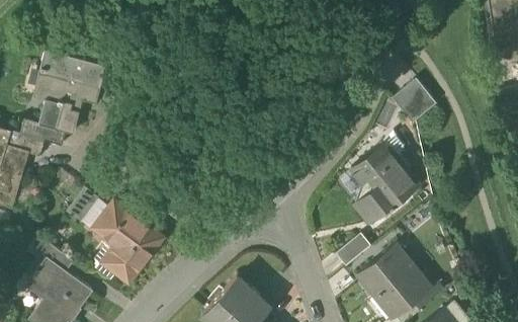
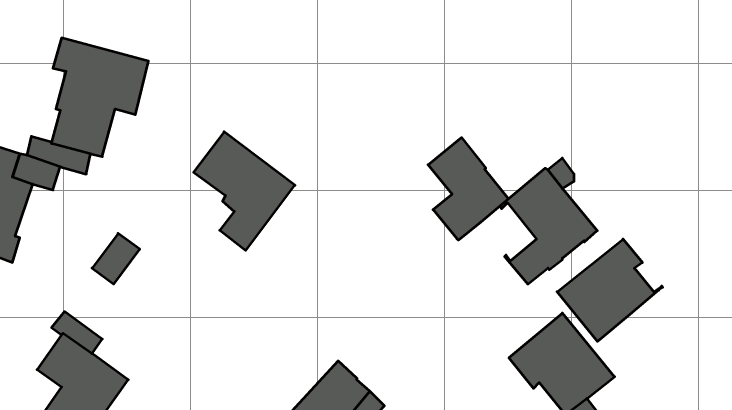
building: [392,79,436,124] -> none
building: none -> [428,138,509,240]
building: none -> [557,239,663,341]
building: [92,199,163,283] -> [194,132,295,250]
building: [335,233,371,266] -> none

